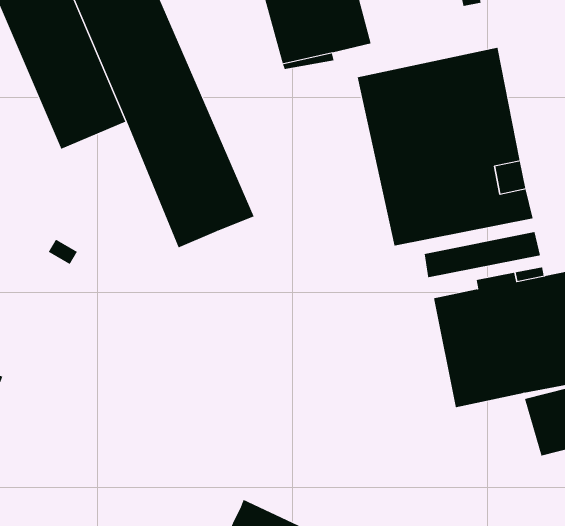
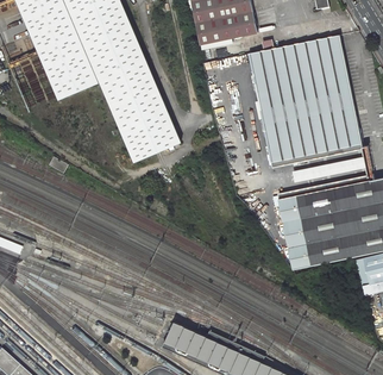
building: none -> [277,183,325,269]

